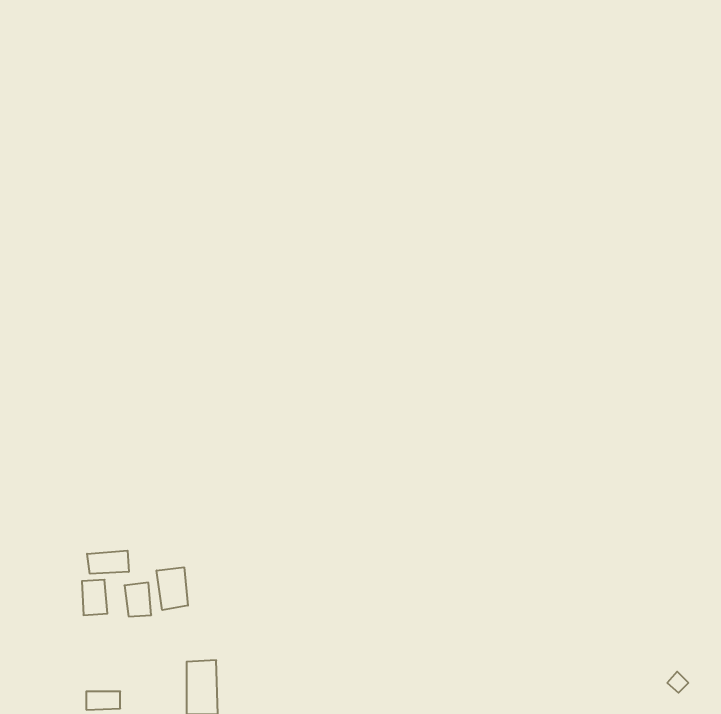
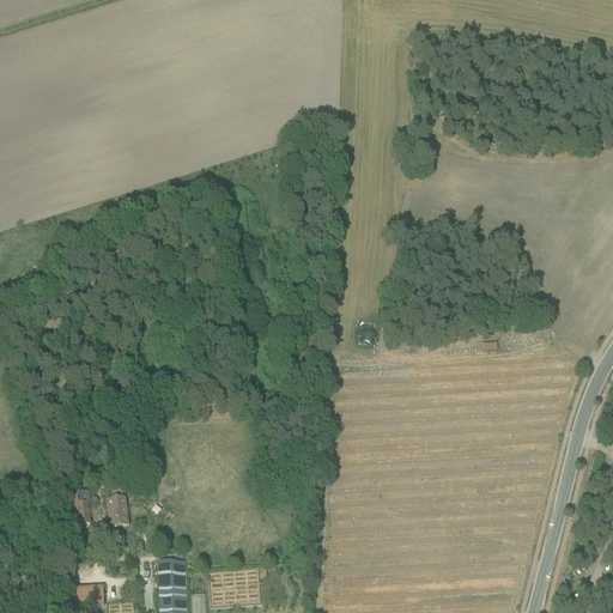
building: [87,551,129,574] -> none
building: [157,567,188,610] -> none

